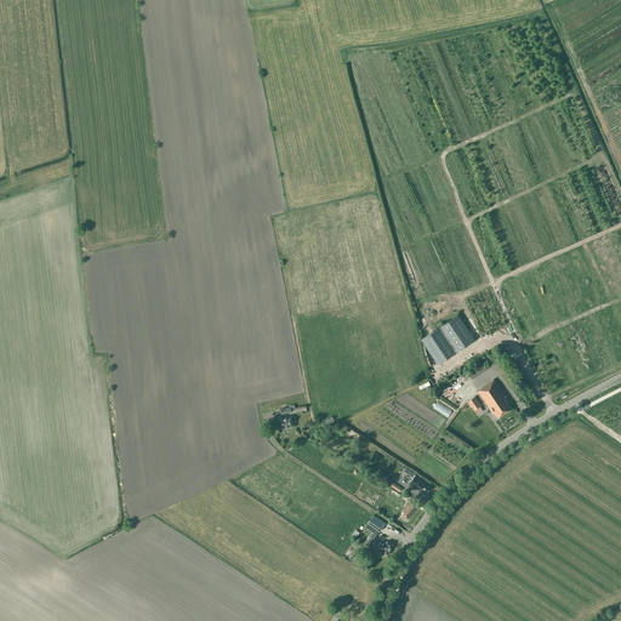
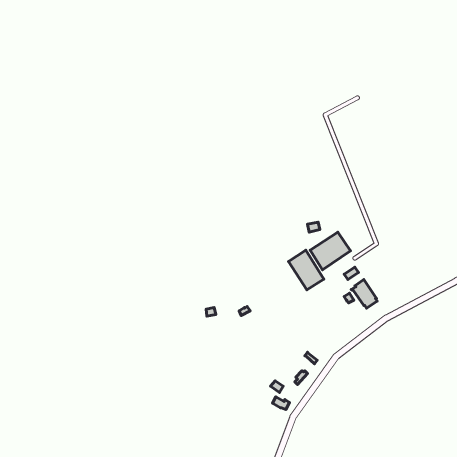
building: none -> [289,250,324,290]

